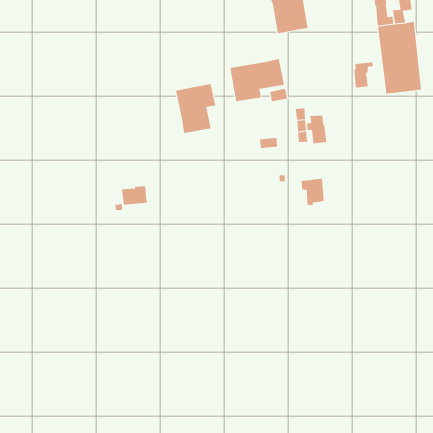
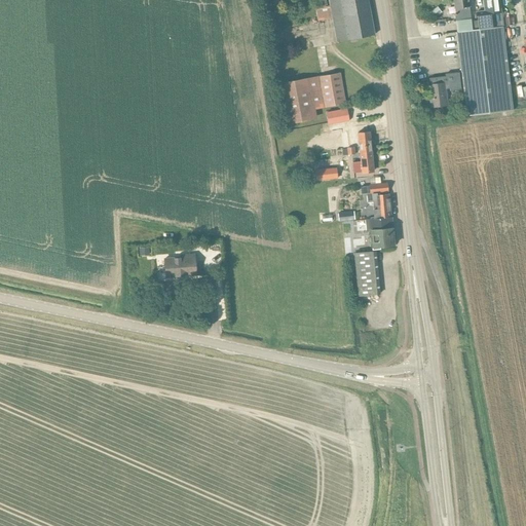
building: [176,83,216,134] -> none
building: [306,115,327,144] -> [366,183,391,218]
building: [121,186,148,205] -> [164,254,196,277]
building: none -> [354,251,380,295]

